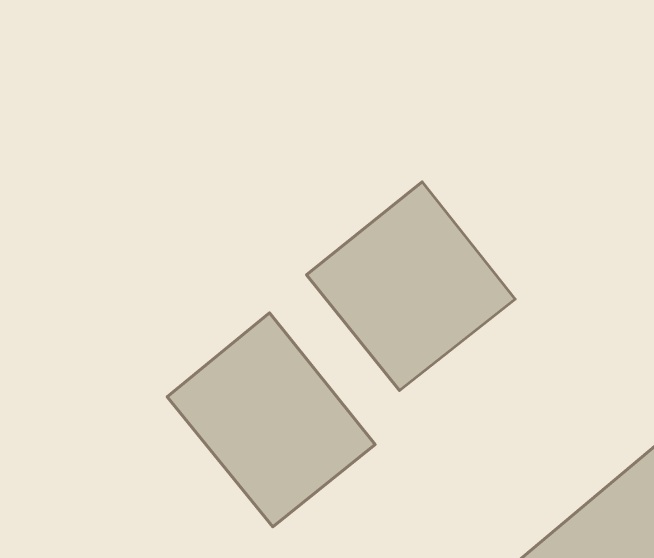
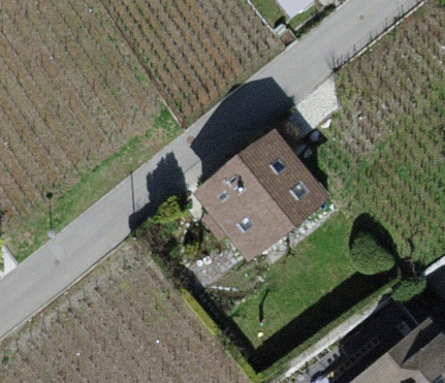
building: [167,313,375,527] -> none

